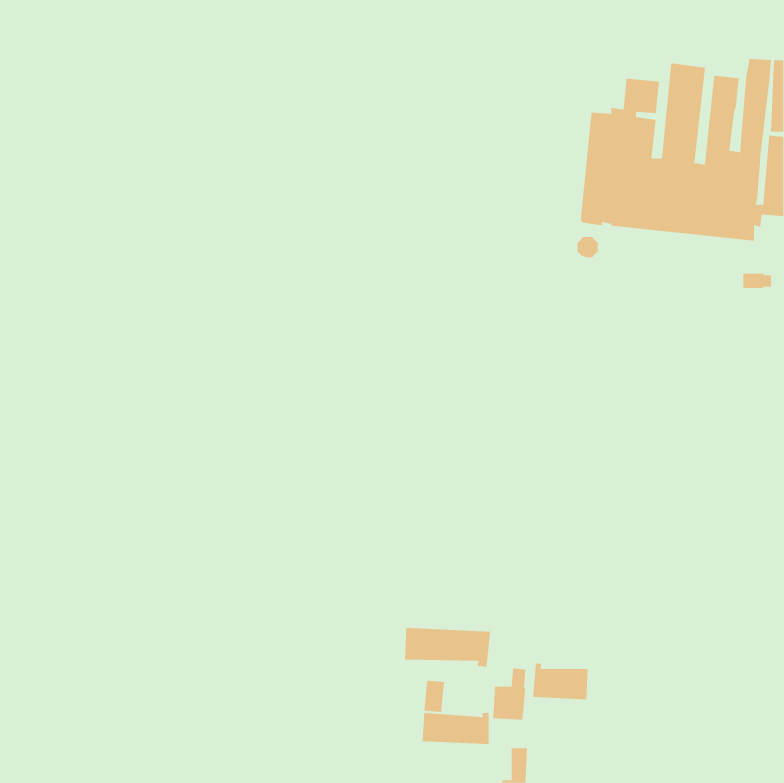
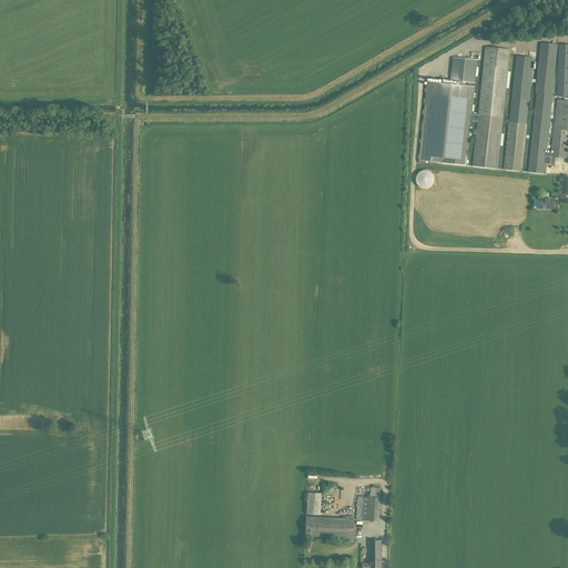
building: [405,627,490,667] -> none
building: [533,663,588,700] -> none

